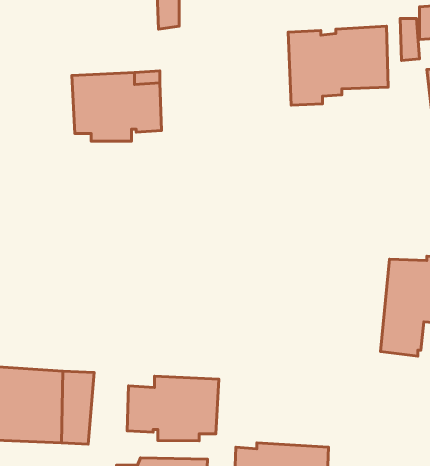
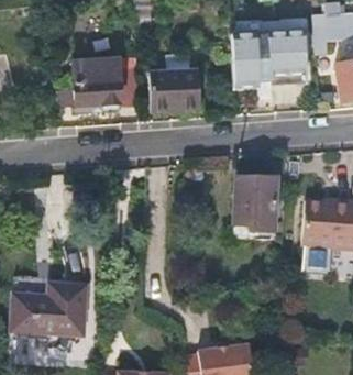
building: none -> [148,69,199,111]
building: none -> [219,173,273,232]
building: [127,376,219,441] -> none

